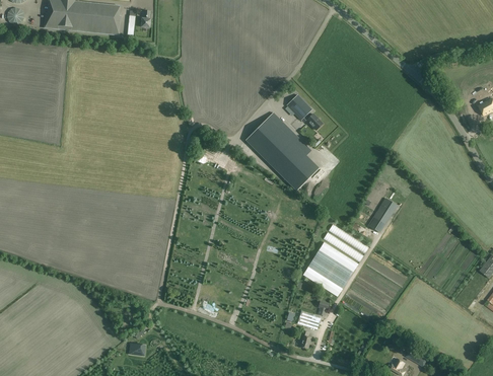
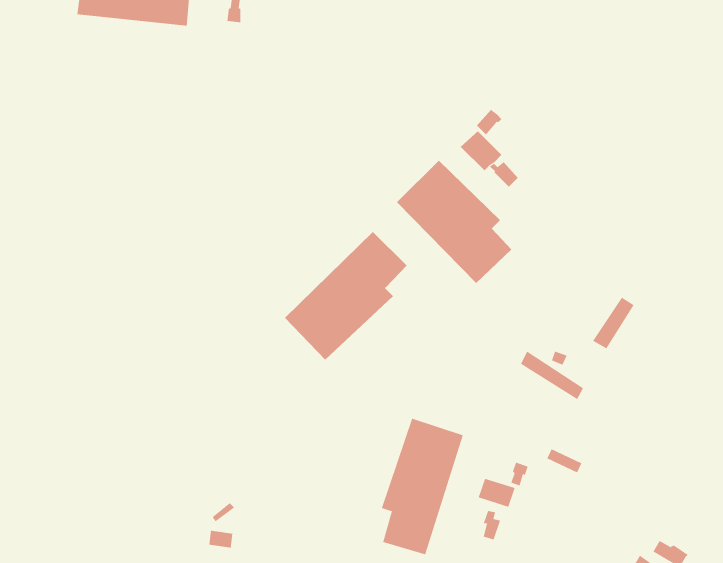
building: none -> [284,231,408,361]
building: [302,241,358,296] -> none
building: none -> [381,418,464,555]

